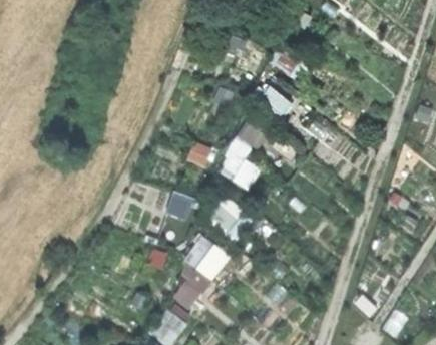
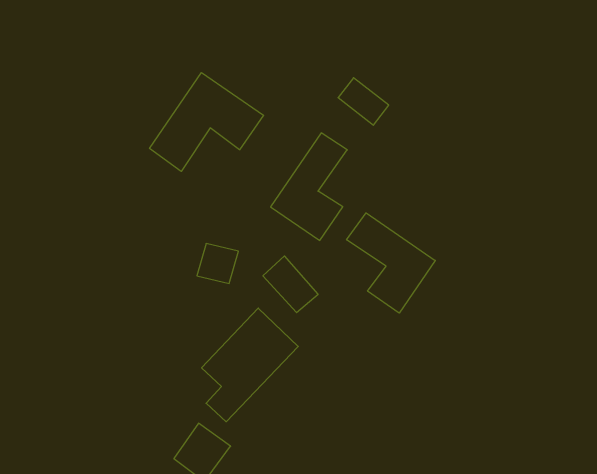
building: none -> [150,73,264,171]
building: none -> [347,213,435,313]

